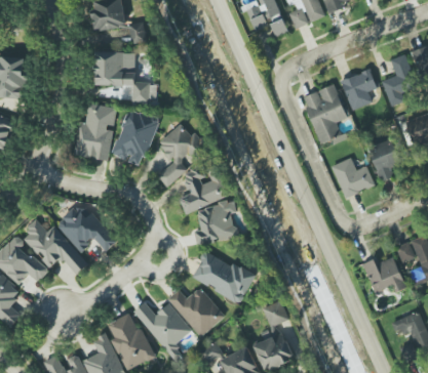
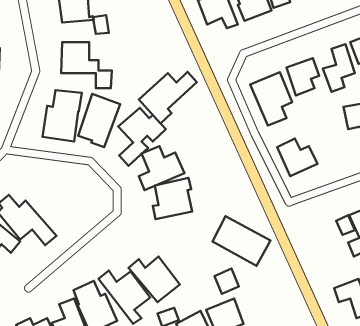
building: none -> [139,72,197,124]
building: [367,138,400,181] -> none
building: [55,202,117,252] -> none
building: [191,249,255,303] -> [212,216,270,266]
building: [362,256,405,292] -> none

